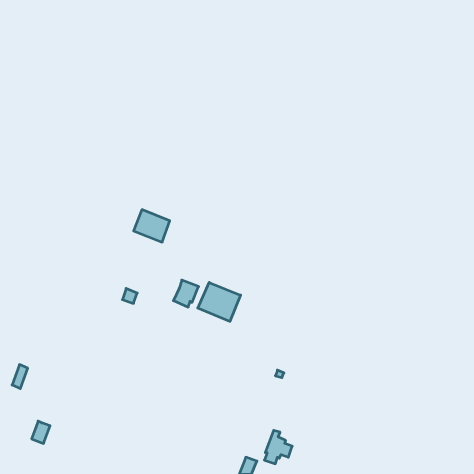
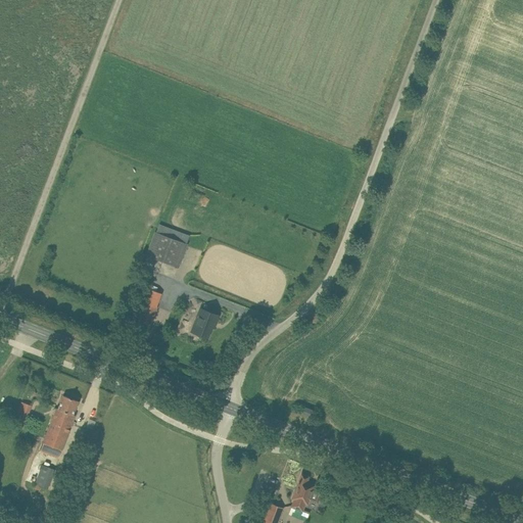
building: [198,282,241,321] -> none
building: none -> [40,394,79,458]

